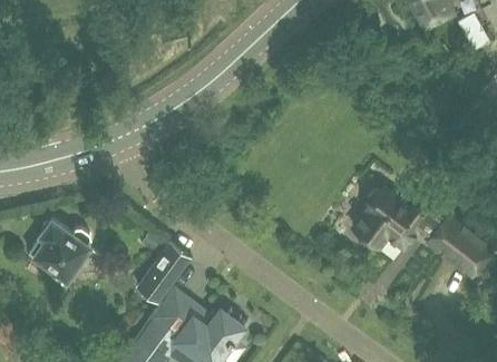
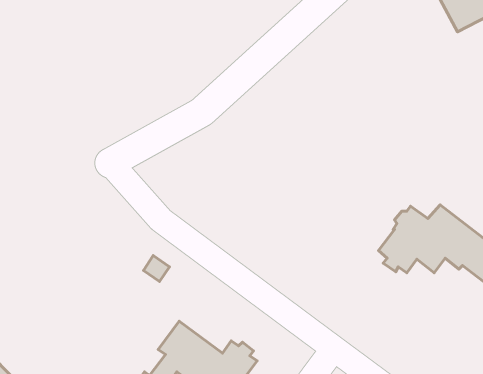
building: [28,222,90,284] -> none
building: [135,243,191,305] -> none

